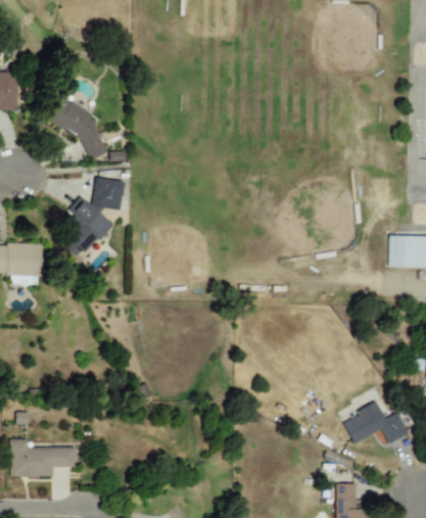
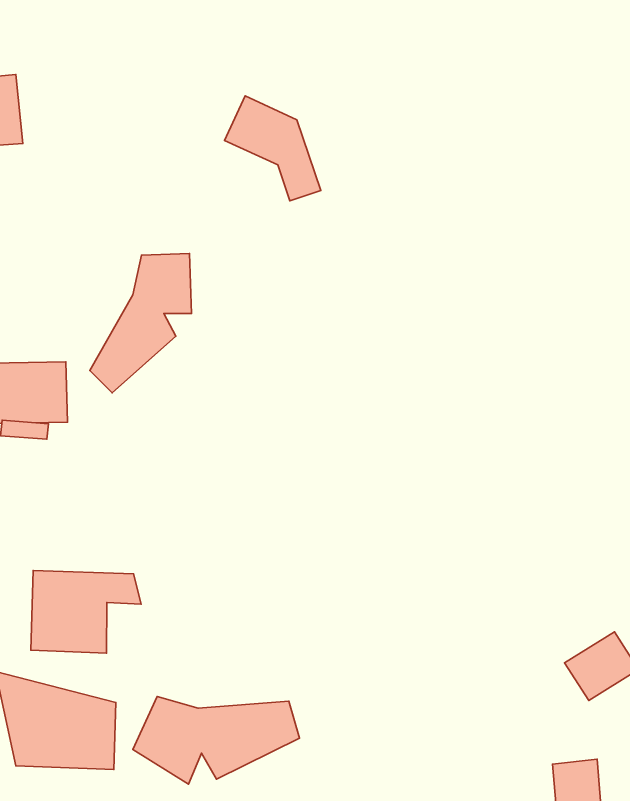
building: [50,98,107,160] -> [225,96,321,201]
building: none -> [31,570,141,653]
building: none -> [133,696,299,784]

